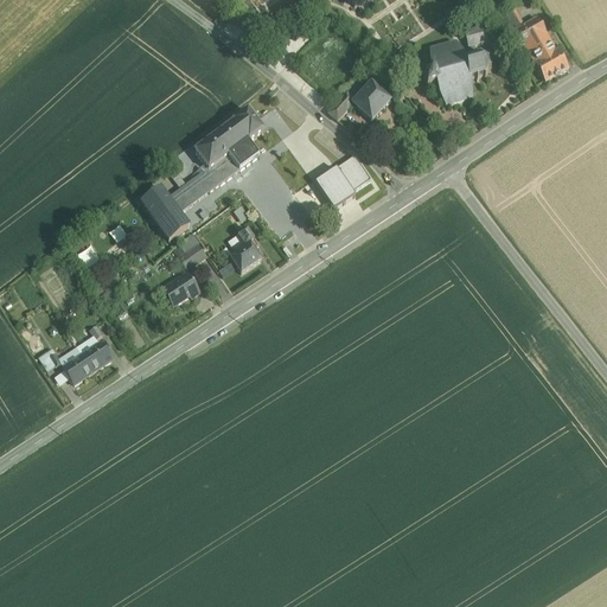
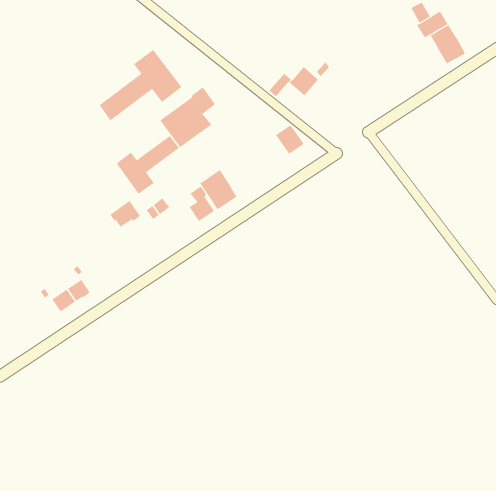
building: [424,21,492,102] -> none
building: none -> [99,49,182,121]
building: [317,165,356,206] -> none
building: none -> [200,169,237,210]
building: [162,270,200,304] -> [110,200,141,228]

